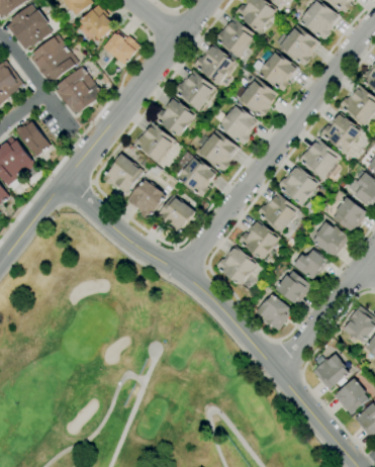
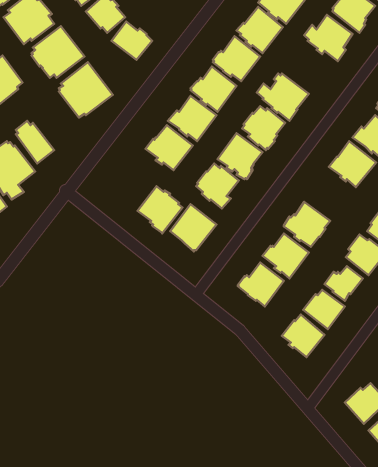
building: [258,53,298,92] -> none
building: [102,154,144,194] -> none
building: [277,165,319,205] -> none

